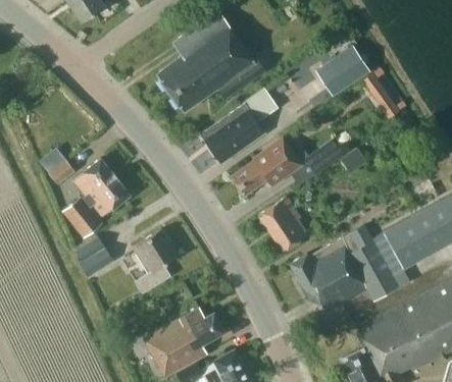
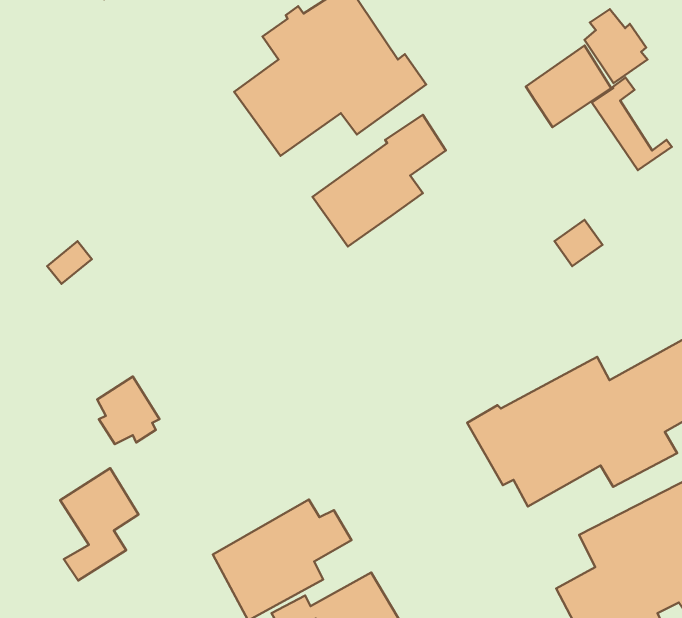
building: none -> [584,9,647,83]
building: [232,138,341,195] -> none
building: [61,159,130,238] -> none
building: [258,197,310,252] -> none
building: [133,229,178,293] -> [60,468,139,580]

